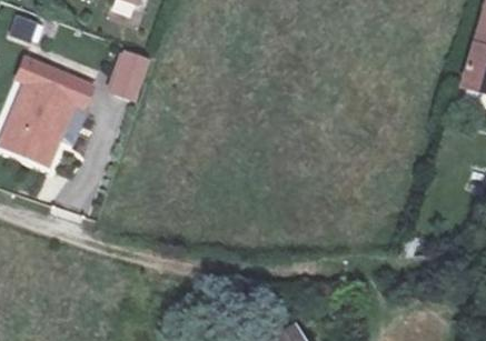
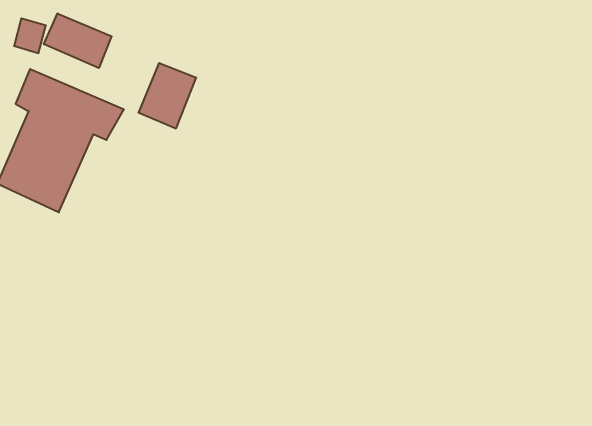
building: none -> [44,13,112,68]

